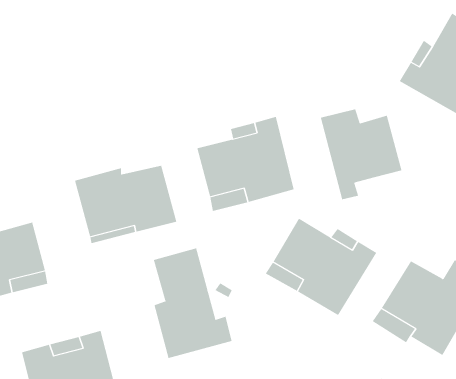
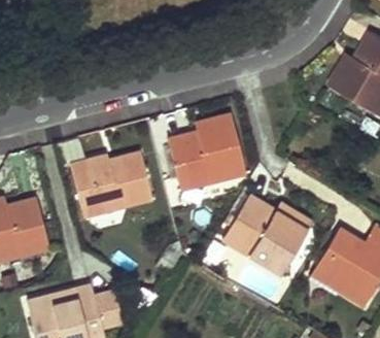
building: [320,108,402,200] -> none
building: [153,247,232,359] -> none

